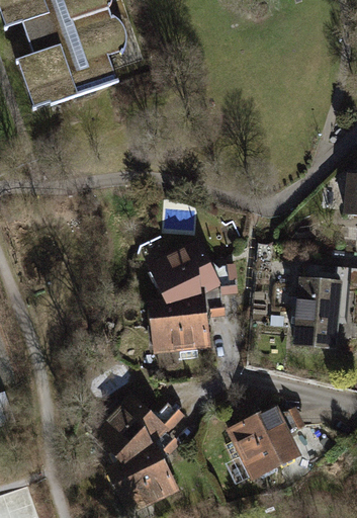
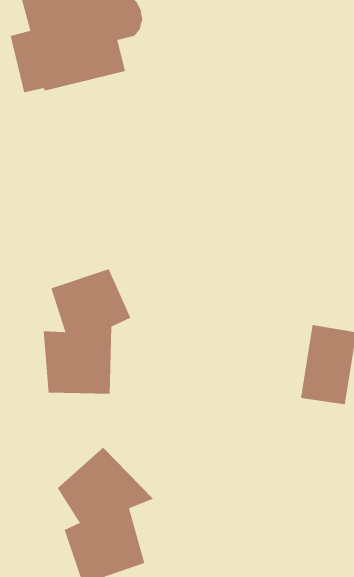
building: [149,243,221,352] -> [43,268,131,394]
building: [227,408,296,480] -> none

